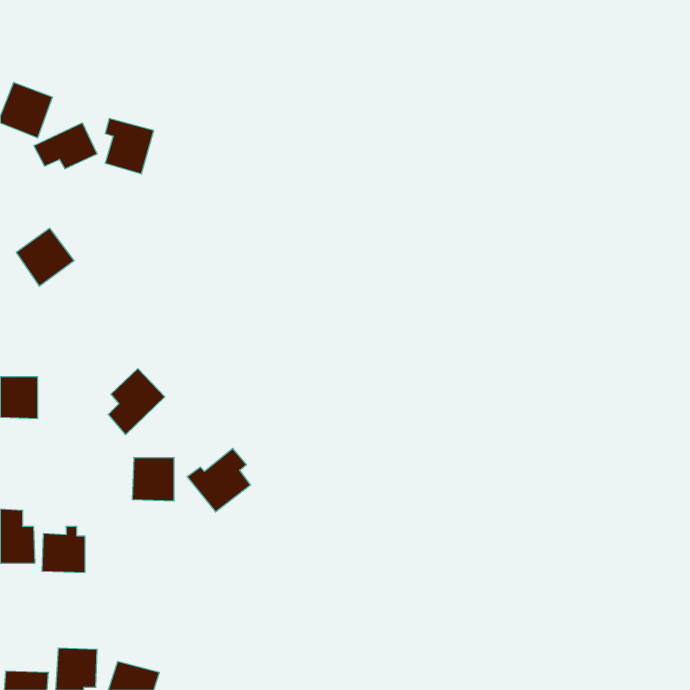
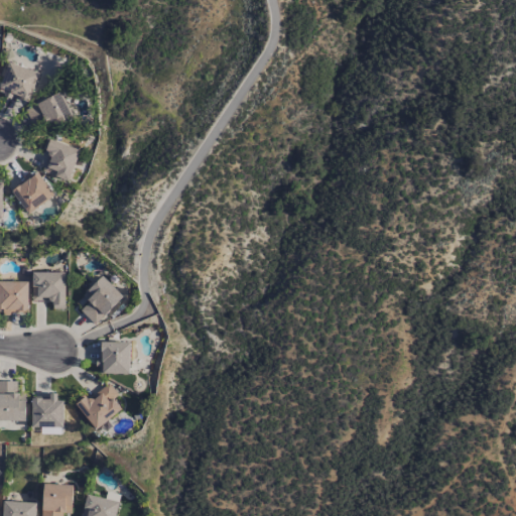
building: [105,118,154,174] -> [43,139,80,180]
building: none -> [32,272,66,308]
building: [187,448,251,512] -> [75,382,122,429]

